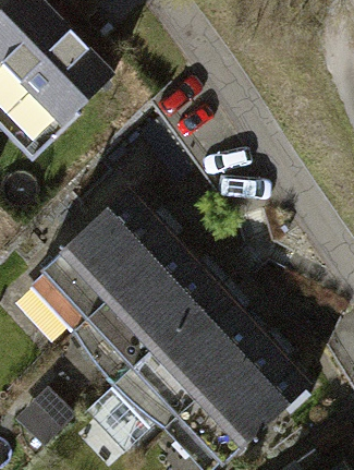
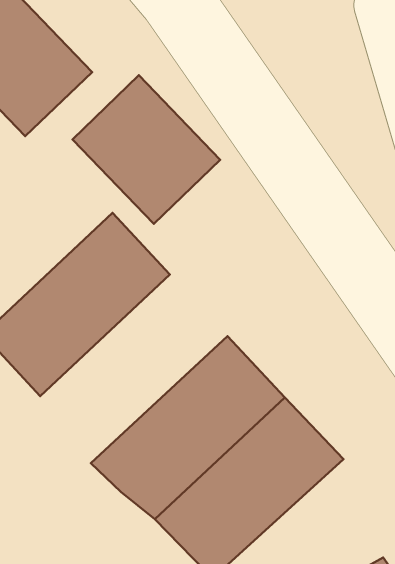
building: none -> [72,75,220,224]
building: [69,236,218,386] -> none

